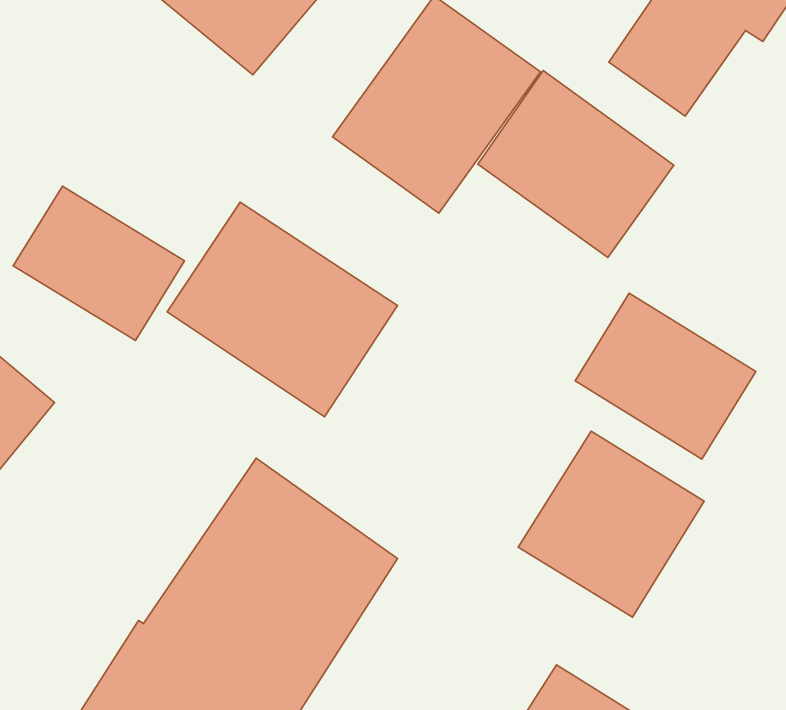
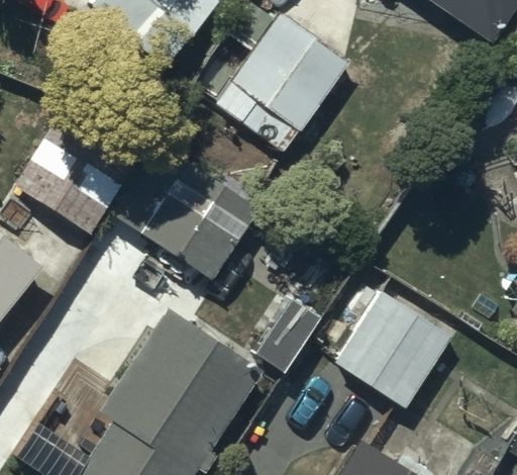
building: [478,70,674,257] -> none
building: [575,293,756,459] -> none

